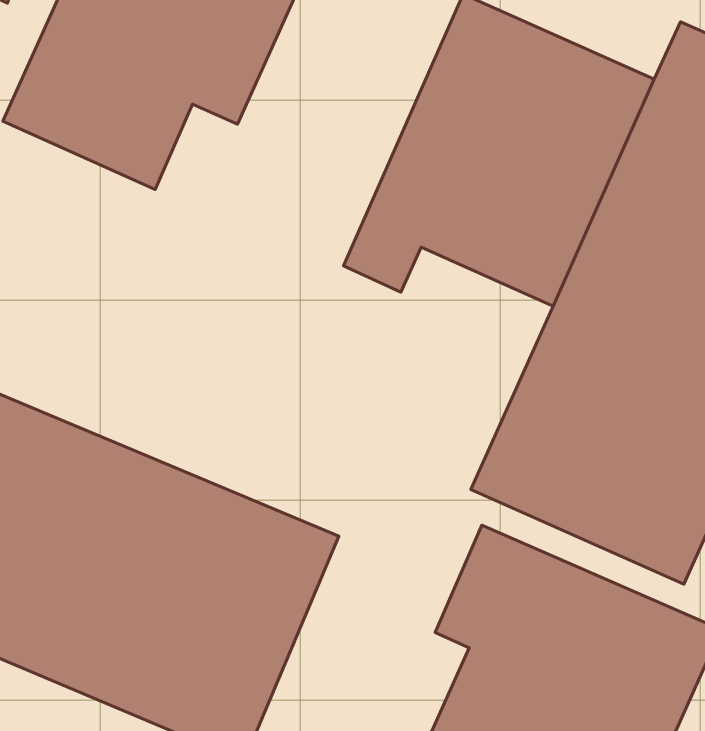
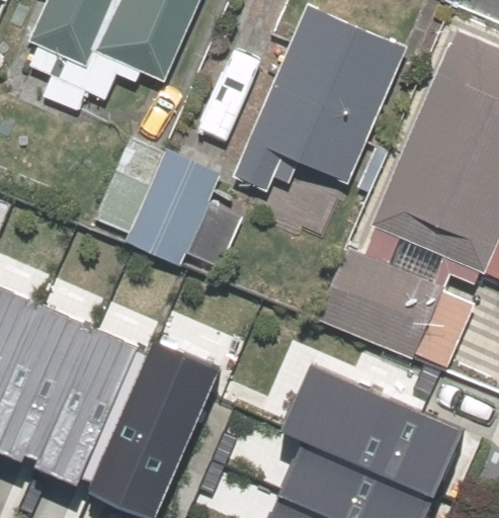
building: none -> [90,140,227,277]

